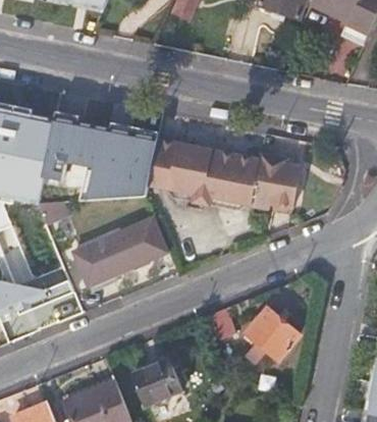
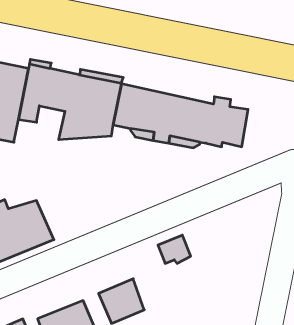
building: [73,217,167,283] -> none
building: [241,305,300,363] -> none

